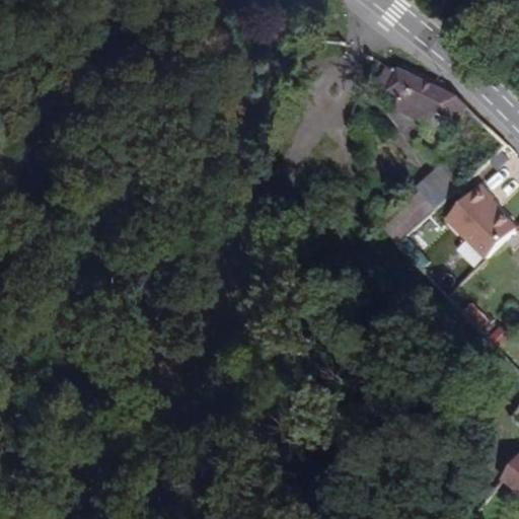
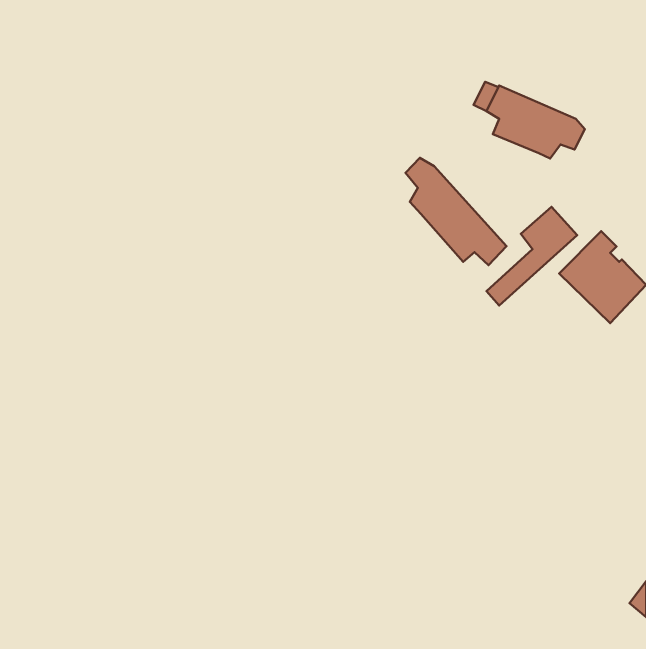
building: none -> [406,158,506,265]

